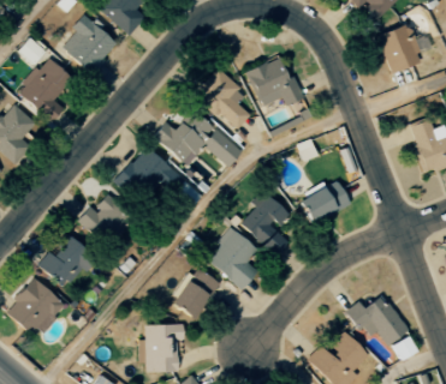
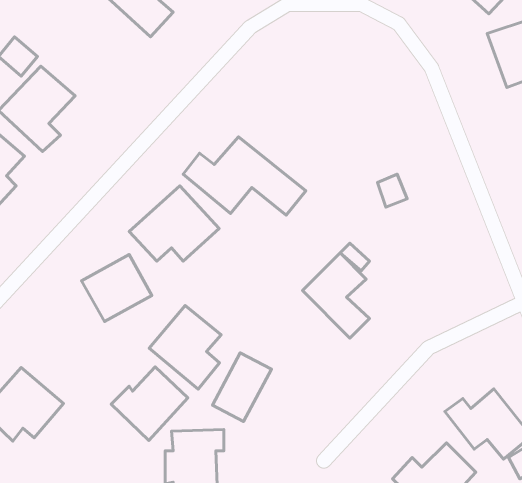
building: [60,14,118,73] -> none
building: [245,56,303,107] -> none
building: [196,70,250,131] -> none
building: [299,181,347,220] -> none
building: [206,228,258,289] -> [149,306,221,389]
building: [36,235,93,289] -> [111,367,188,440]

